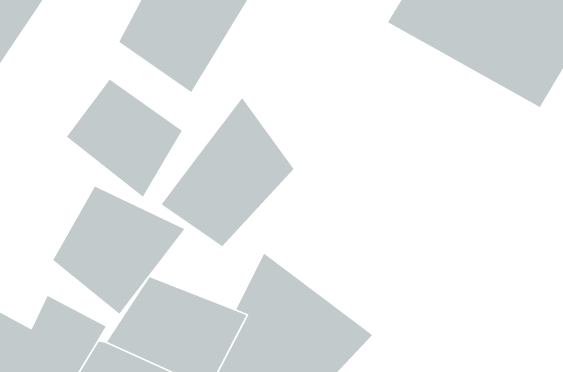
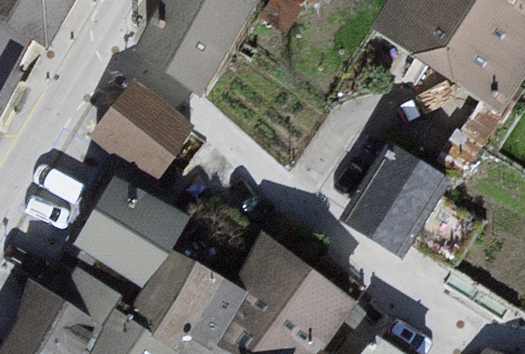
building: [161,97,294,247] -> none
building: none -> [343,142,451,260]

